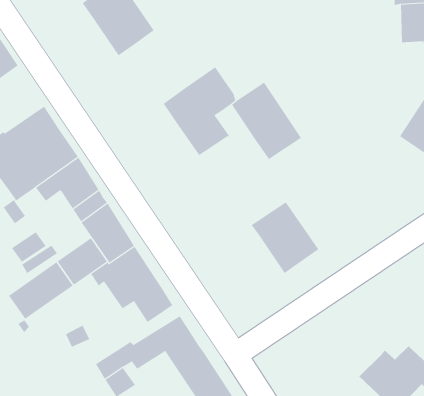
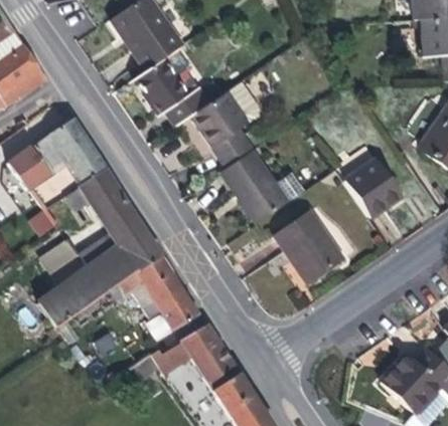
building: none -> [130,57,208,126]
building: [231,82,302,160] -> [219,148,288,223]
building: none -> [344,157,402,217]

